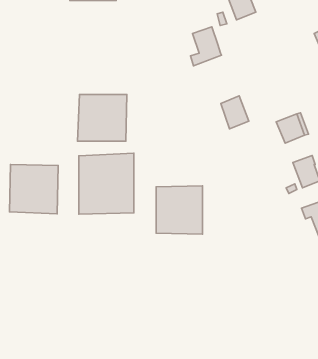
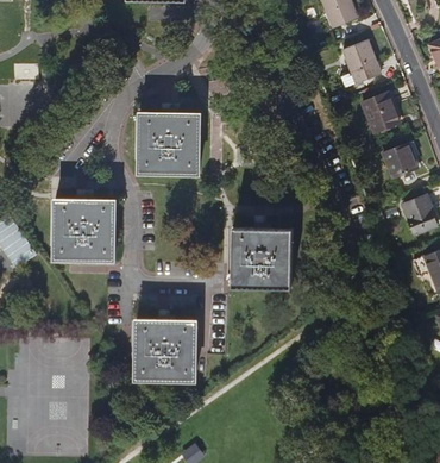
building: [191,27,222,66] -> [341,38,379,86]
building: [221,96,249,129] -> [363,93,397,133]
building: [79,153,134,214] -> none
building: none -> [136,321,195,380]

